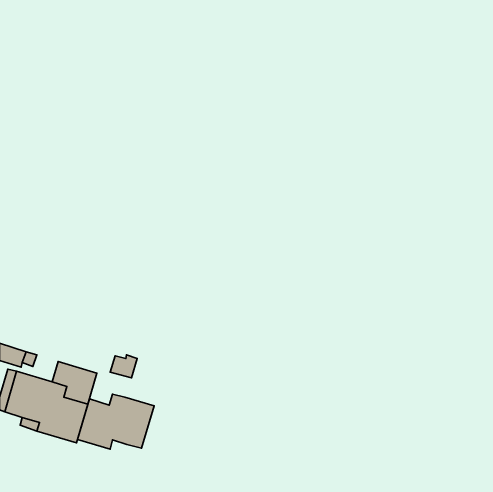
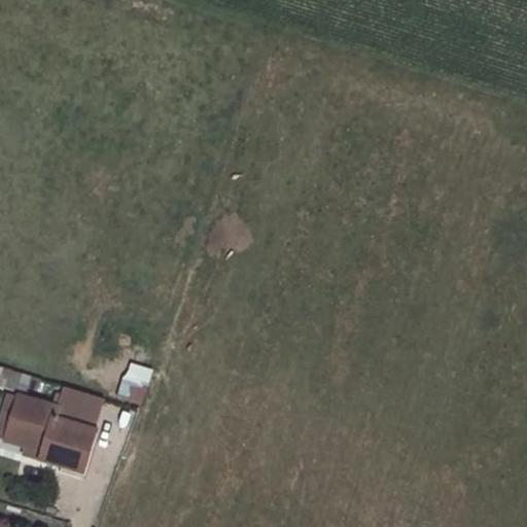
building: [78,394,154,449] -> none

